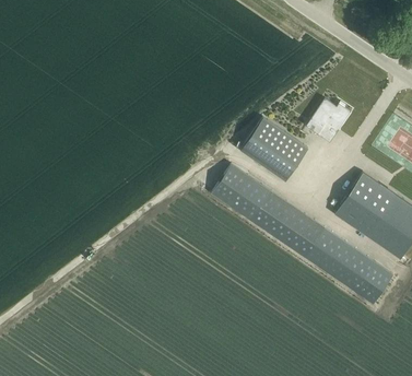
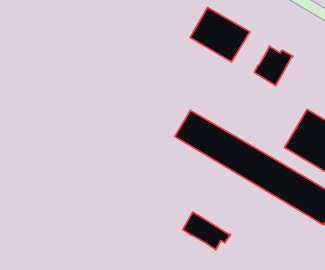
building: [240,117,308,180] -> [190,7,250,62]
building: none -> [183,212,230,250]

